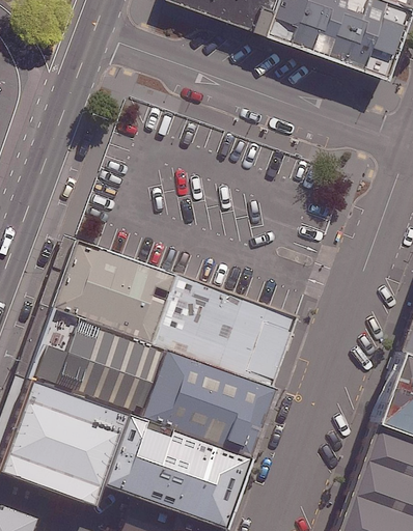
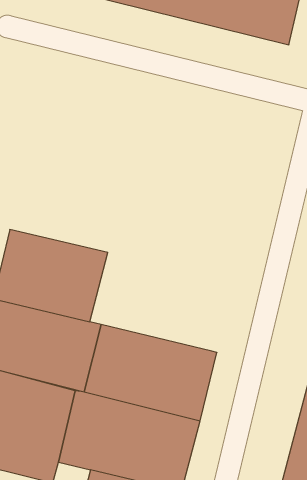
building: [152,274,299,387] -> none

